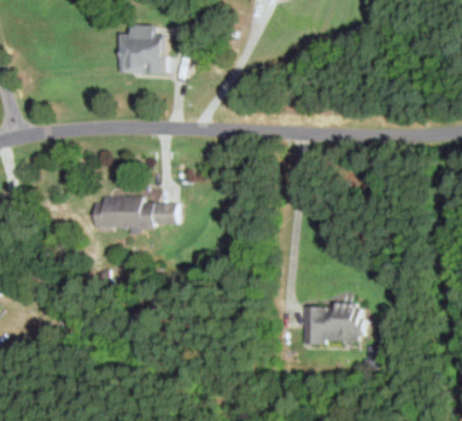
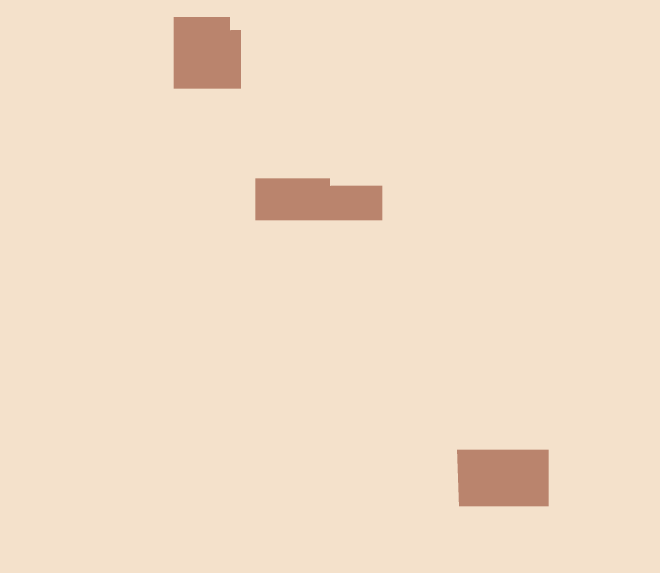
building: [93,198,176,226] -> [254,178,383,221]

